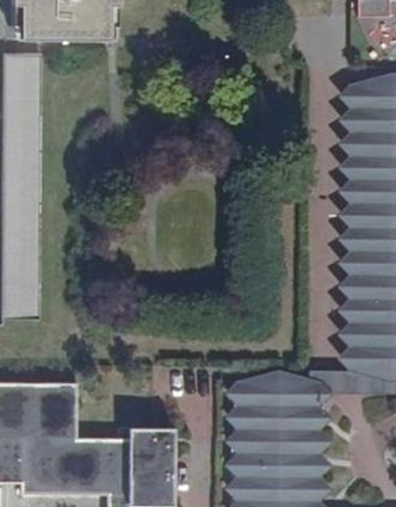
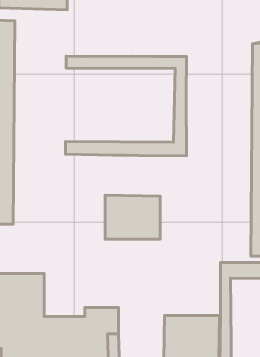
building: none -> [65,56,187,156]
building: [234,382,305,439] -> [105,195,160,239]

